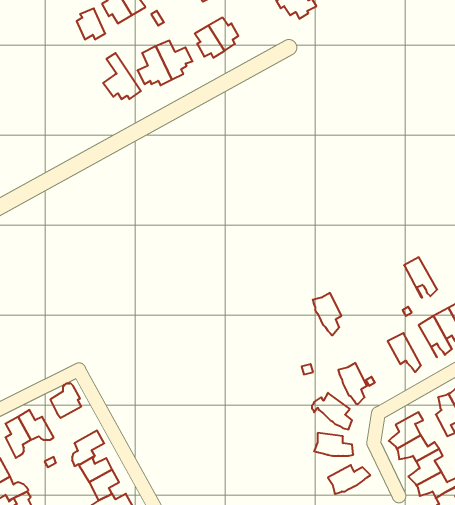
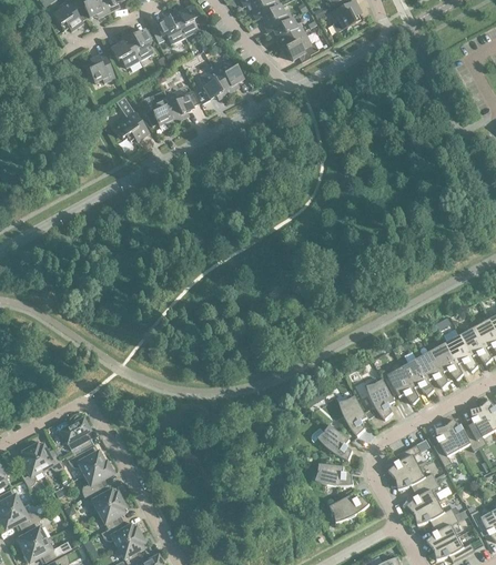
building: [404,257,437,297] -> [402,357,434,396]
building: [313,293,341,335] -> [366,377,394,418]
building: none -> [67,443,105,472]

